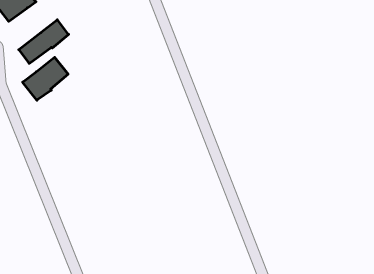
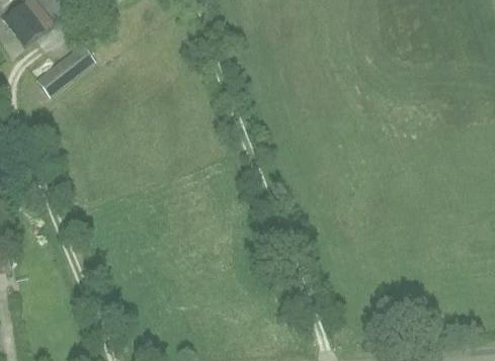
building: [23,57,68,100] -> none

